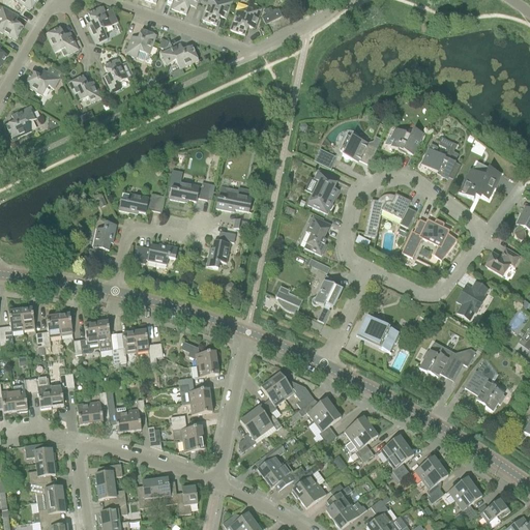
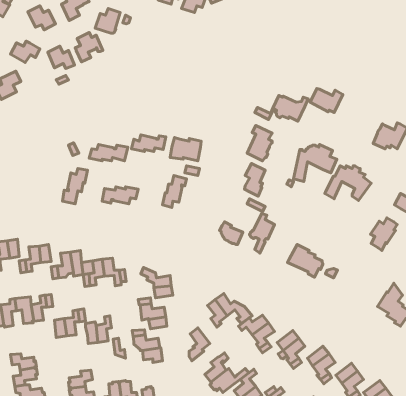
building: [161,41,199,68] -> none
building: [421,136,459,177] -> none
building: [419,341,475,376] -> none
building: [249,405,282,431] -> none

